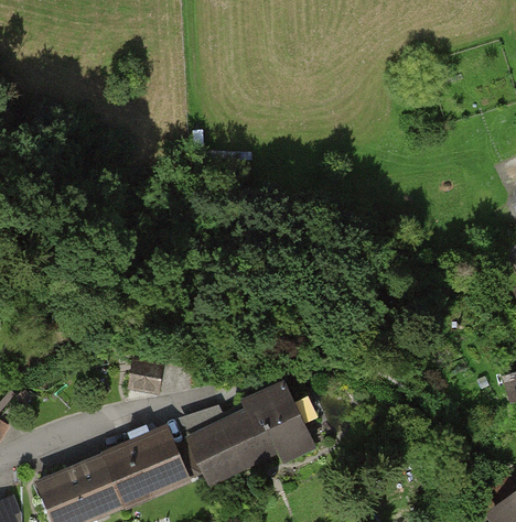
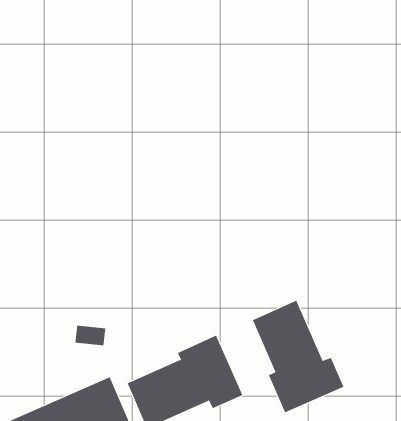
building: none -> [252,300,344,413]

